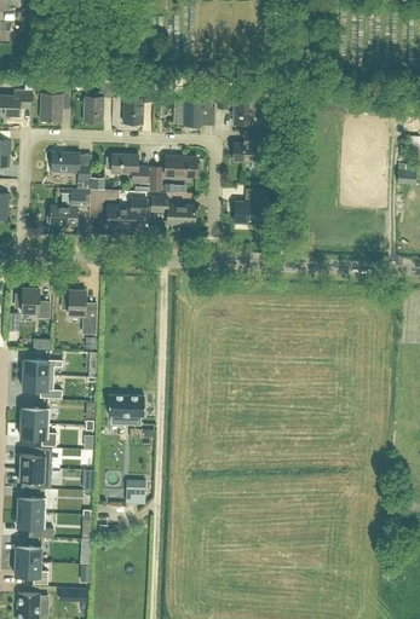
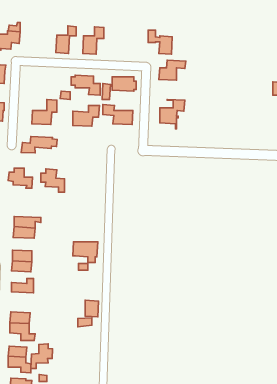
building: [40,86,69,121] -> none
building: [174,91,212,127] -> none
building: [50,152,88,185] -> none
building: none -> [21,137,57,153]
building: [18,468,51,490] -> none
building: none -> [31,344,53,369]

